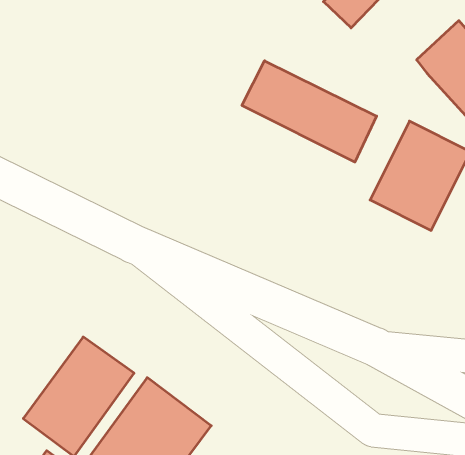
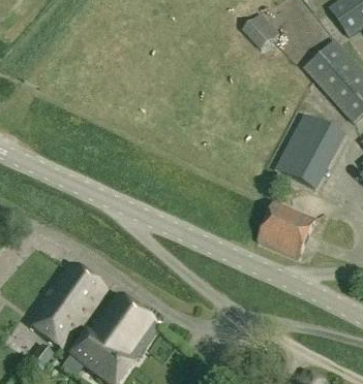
building: [242,61,377,162] -> none
building: none -> [258,201,315,257]

